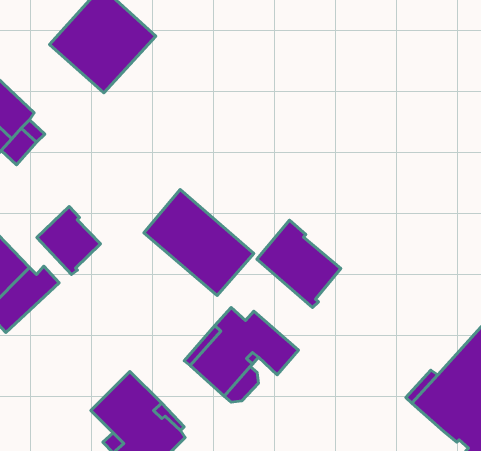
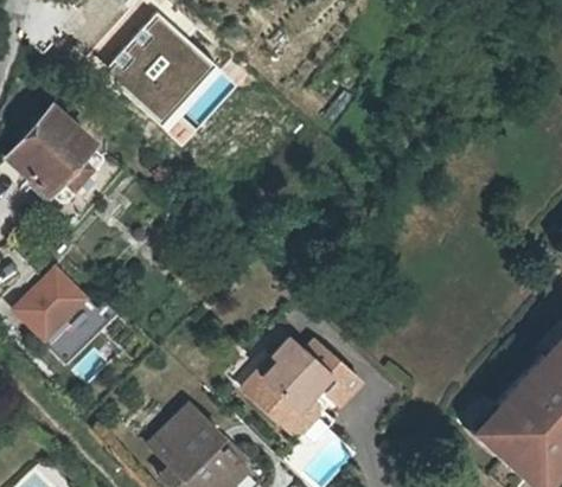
building: [144,190,254,296] -> none
building: [37,207,101,275] -> none
building: [257,220,341,308] -> none

